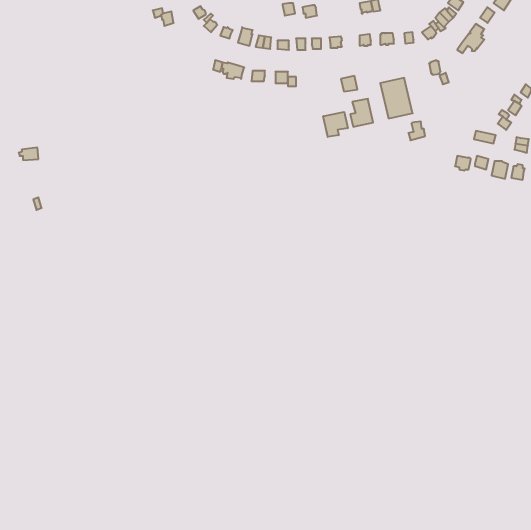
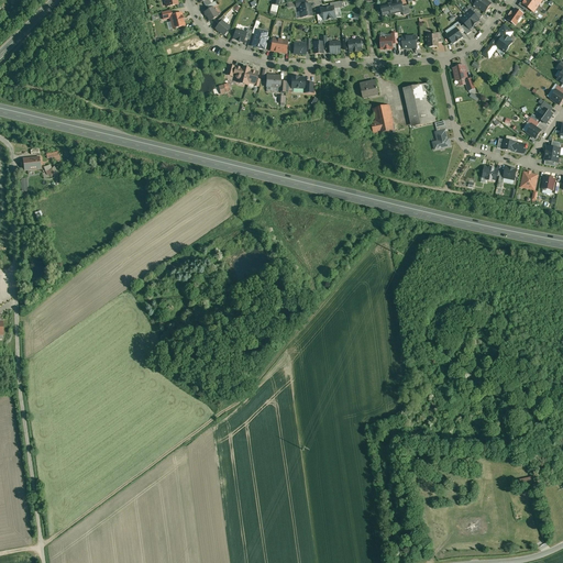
building: [323,112,348,137] -> none

